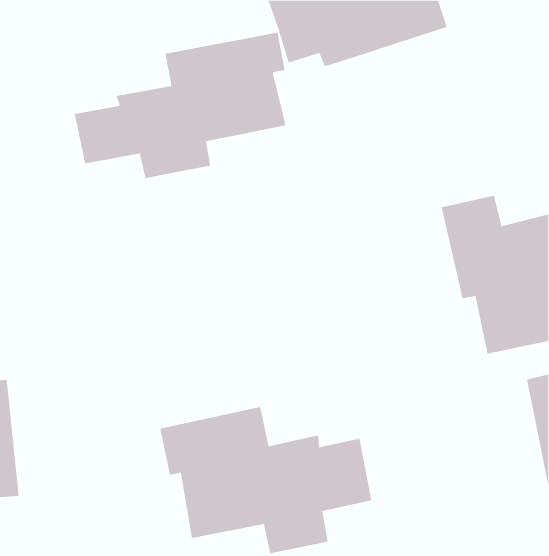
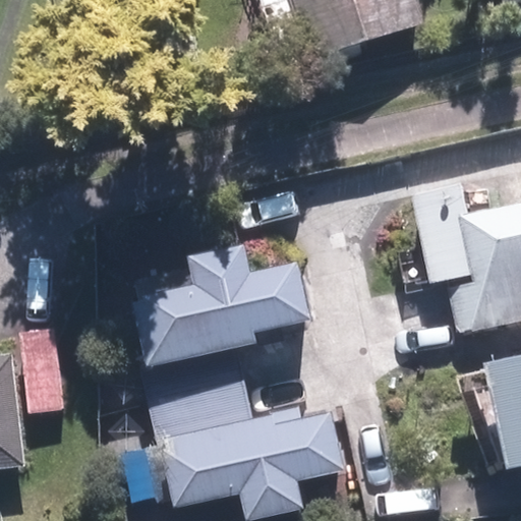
building: [74,32,286,179] -> none
building: none -> [136,244,314,401]

